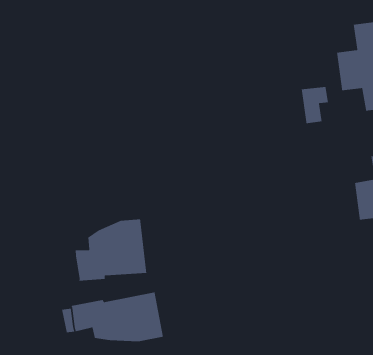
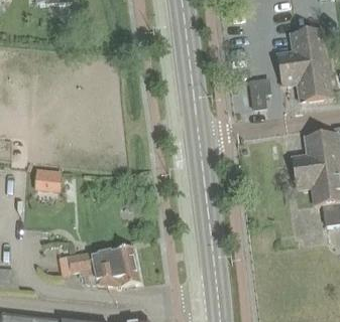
building: none -> [33,168,61,191]
building: [75,219,147,282] -> none

